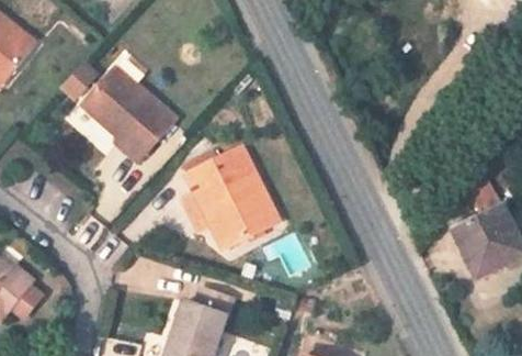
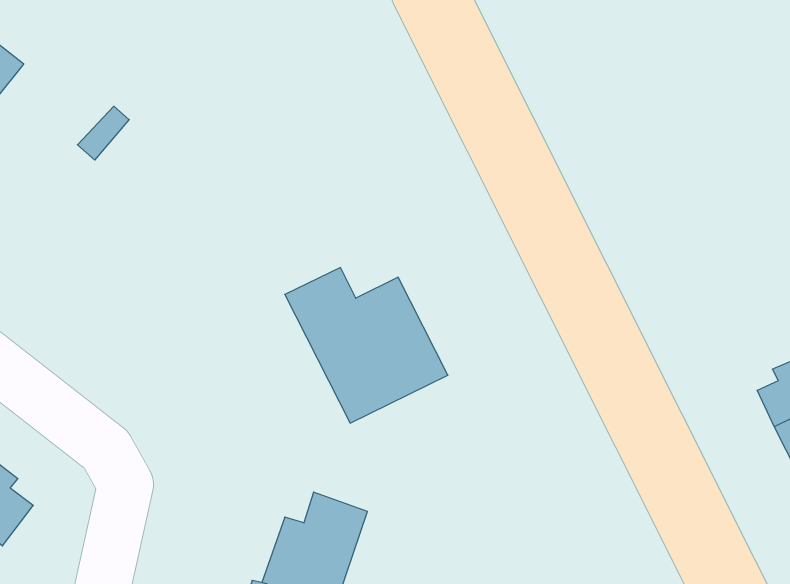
building: [80,68,173,163] -> none

